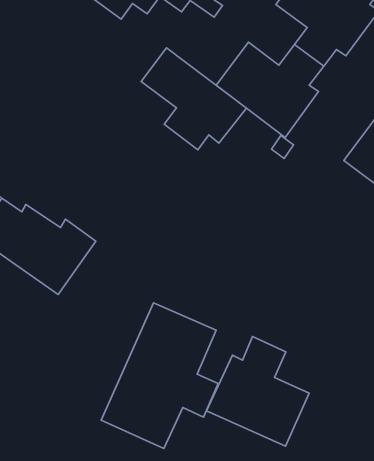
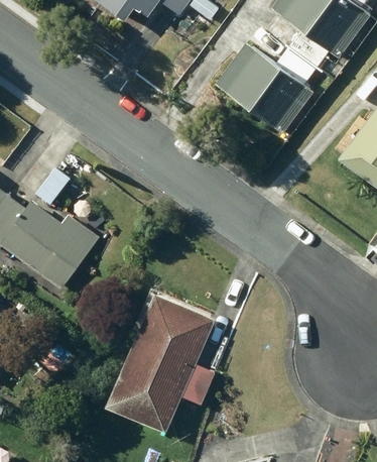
building: [141,48,247,150] -> none
building: [206,337,309,446] -> none

